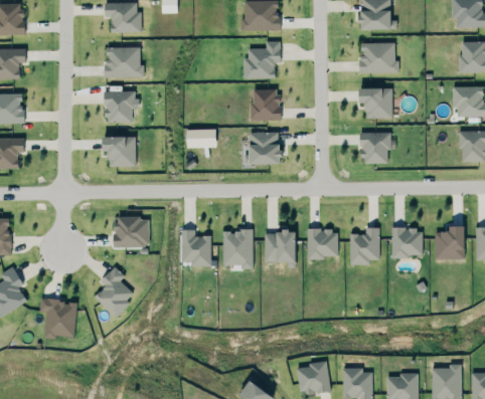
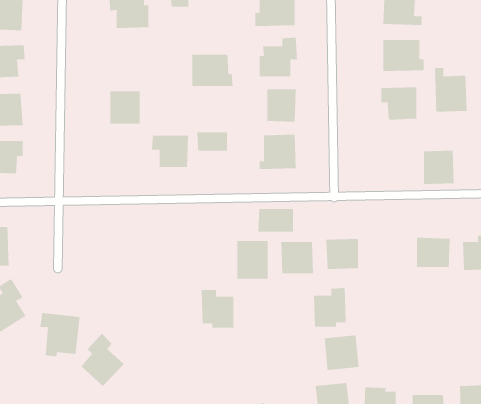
building: [106,47,145,77] -> [191,54,233,86]
building: none -> [435,67,467,112]
building: [361,132,390,164] -> [423,150,455,185]
building: [101,137,136,167] -> [151,135,189,167]
building: none -> [258,208,293,233]
building: [114,217,150,247] -> none
building: [349,227,380,264] -> [313,287,347,327]
building: [180,230,211,266] -> [201,290,234,328]
building: [95,266,136,317] -> [80,333,124,387]
building: none -> [324,335,359,371]

